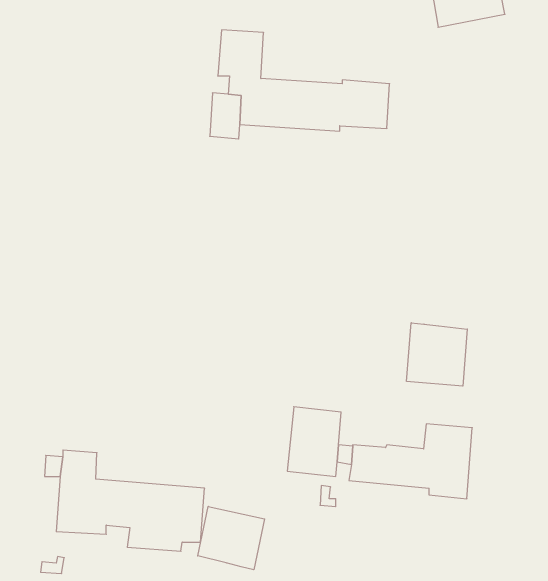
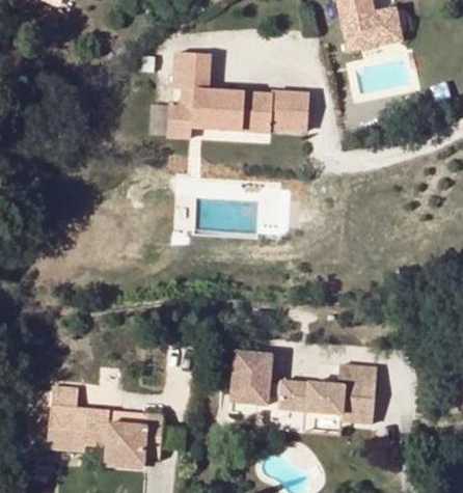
building: [407,323,467,386] -> none
building: [198,506,265,570] -> none

